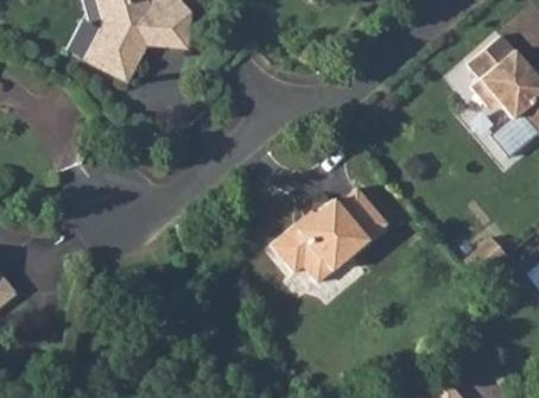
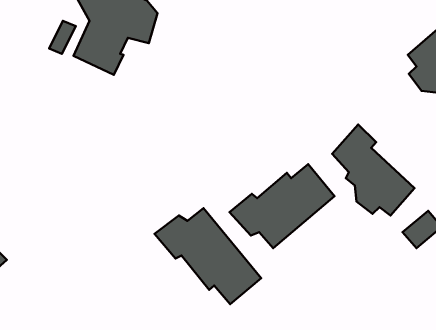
building: none -> [332,125,414,216]
building: none -> [154,208,261,304]

